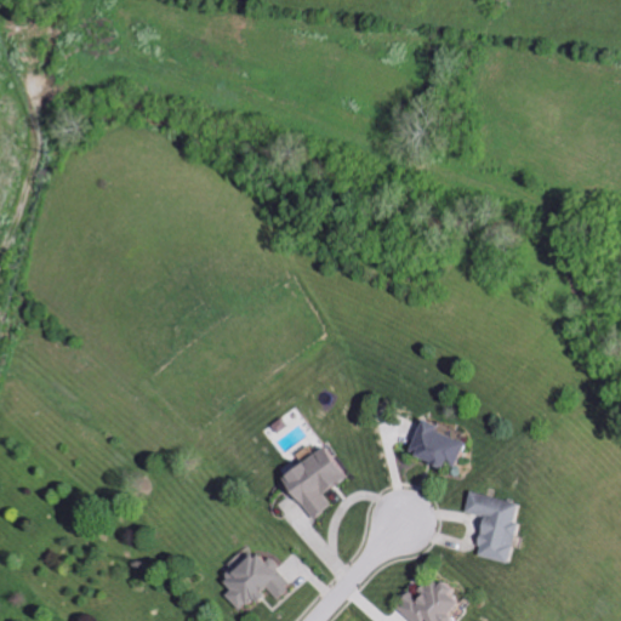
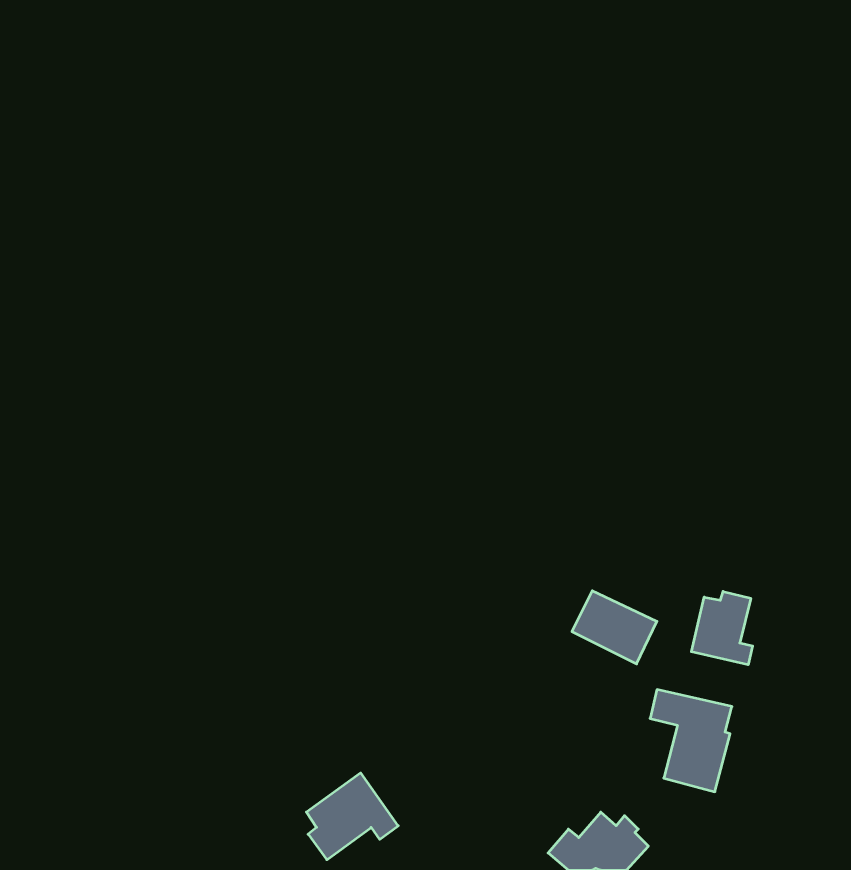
building: none -> [691,591,753,665]
building: [280,445,347,519] -> none

